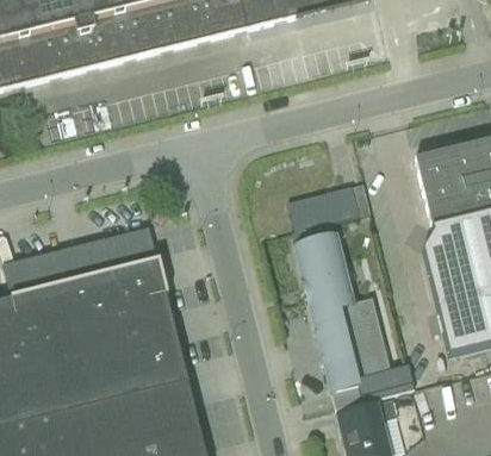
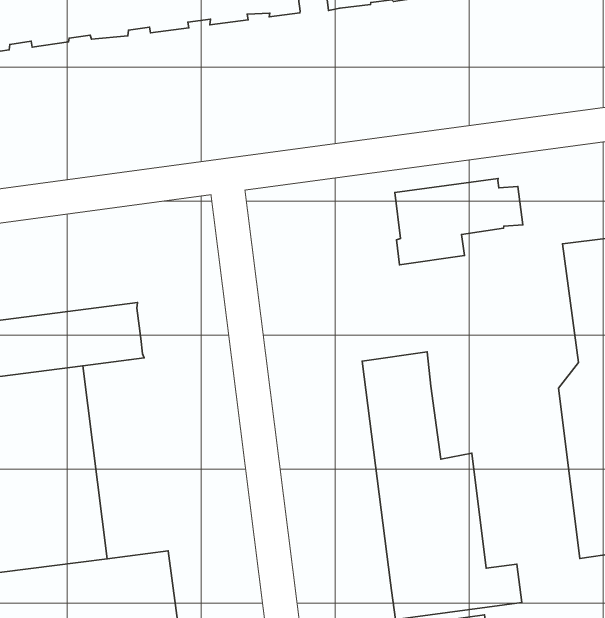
building: [286,186,369,248] -> [395,178,523,265]
building: [118,262,186,392] -> none

